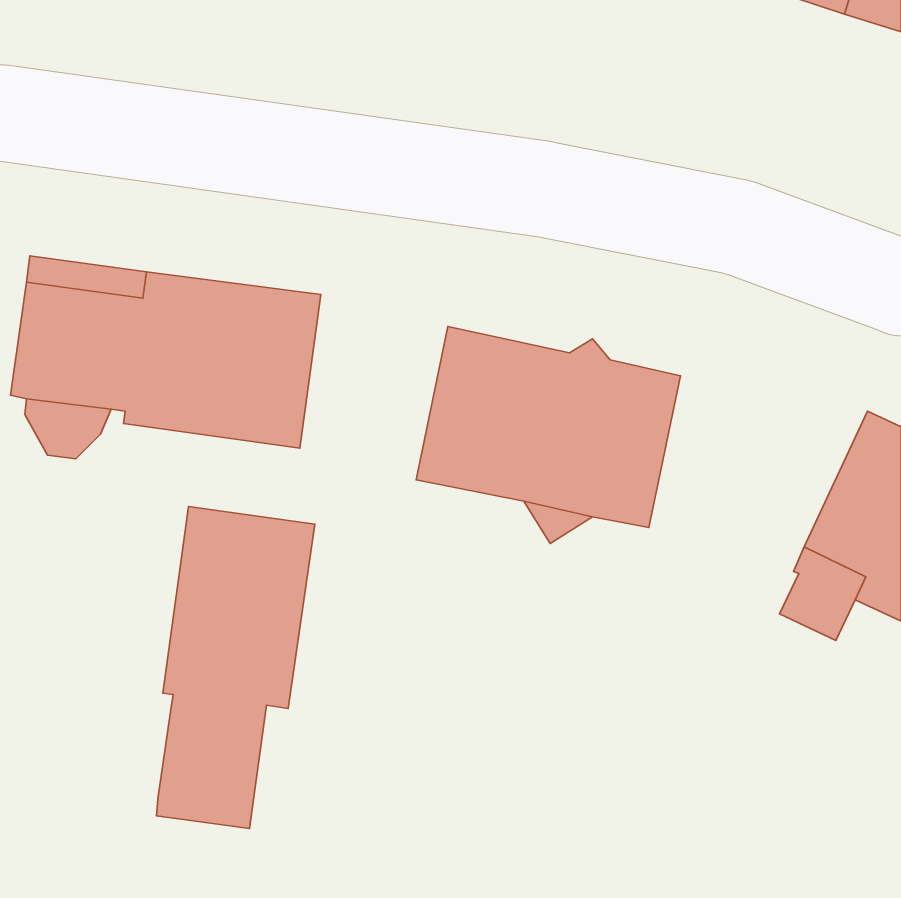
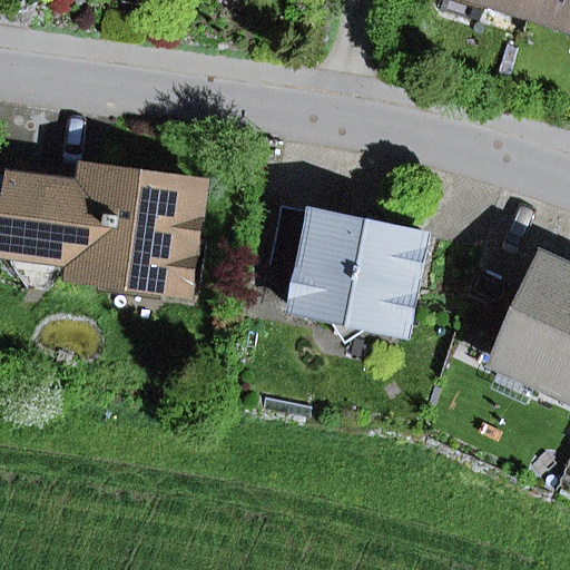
building: [156,507,315,828] -> none

